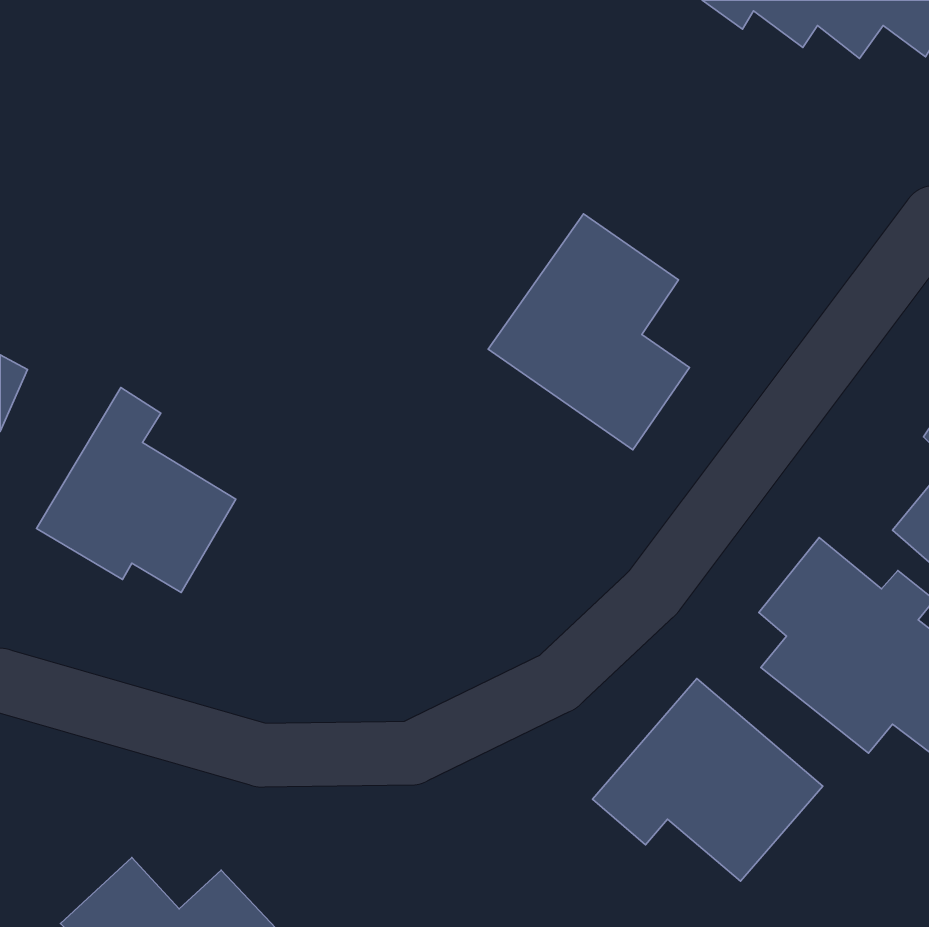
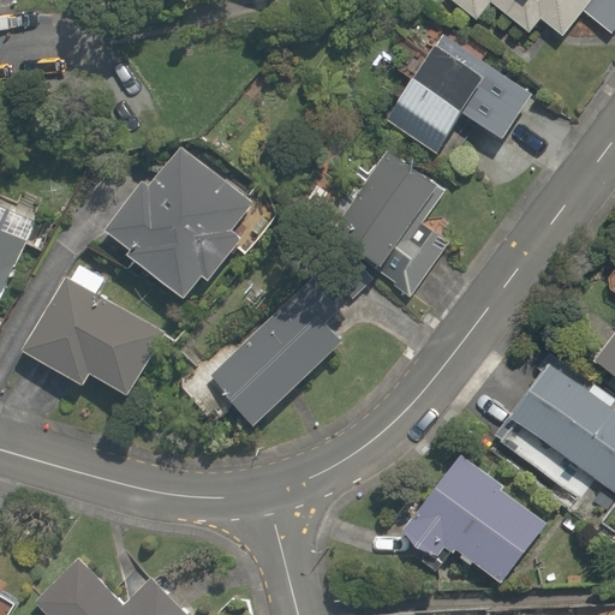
building: none -> [380,28,532,155]
building: none -> [103,144,257,298]
building: none -> [213,297,342,423]

